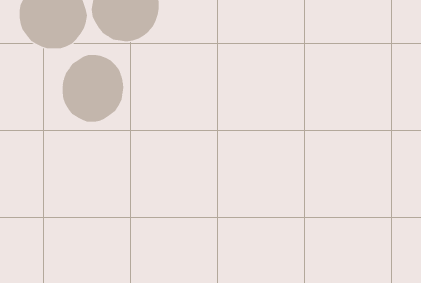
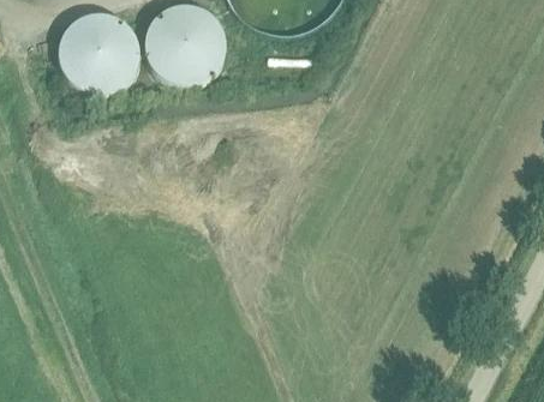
building: [62,54,124,123] -> none

